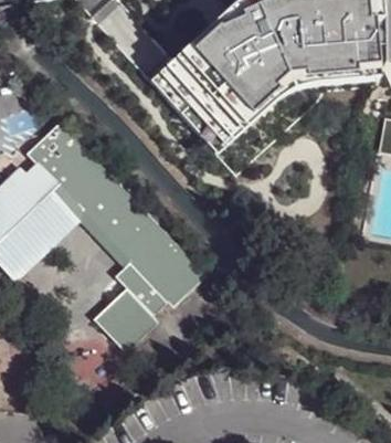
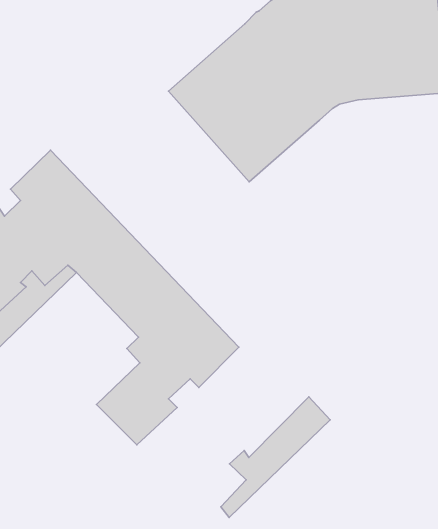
building: none -> [221,397,330,518]

